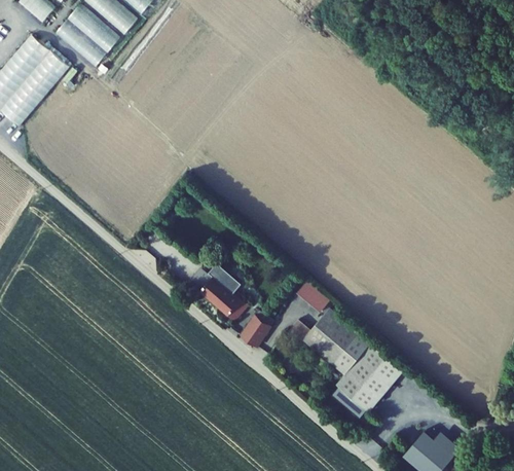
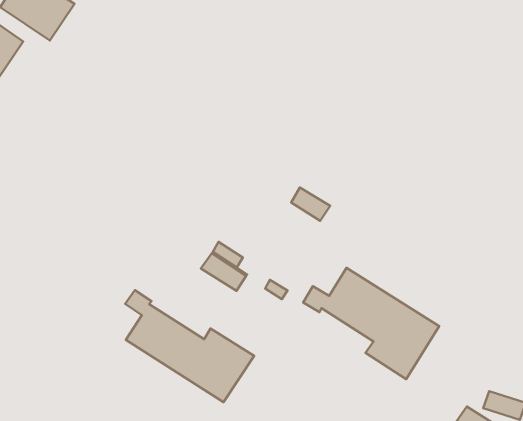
building: [293,284,327,316] -> [291,187,330,221]
building: none -> [125,290,254,402]
building: [240,316,267,345] -> none

